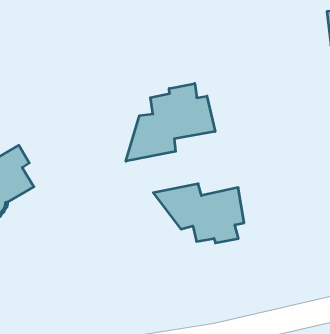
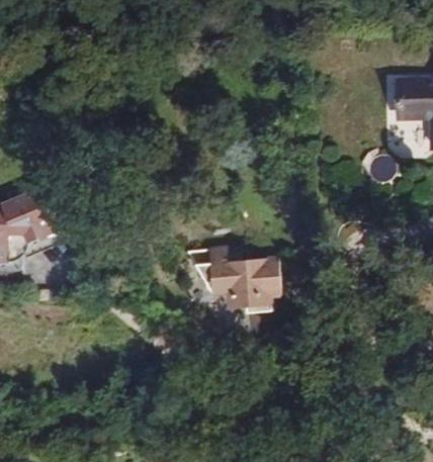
building: [126,83,215,161] -> none

